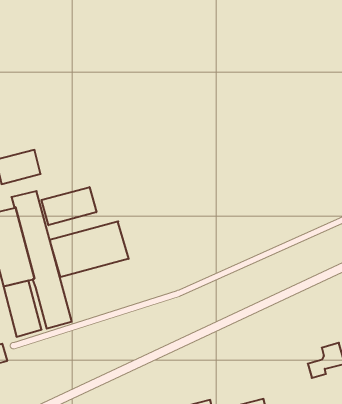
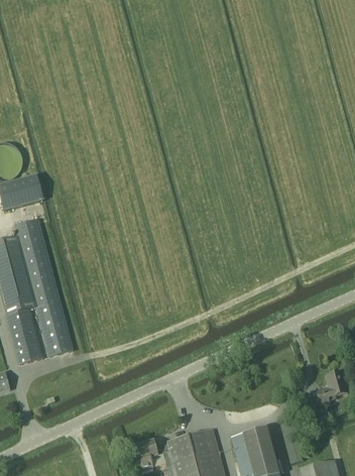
building: [41,187,96,225] -> none
building: [50,221,129,277] -> none

